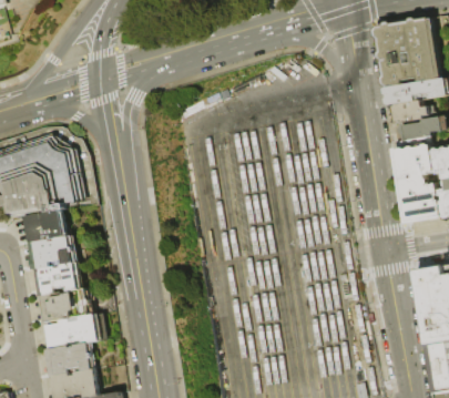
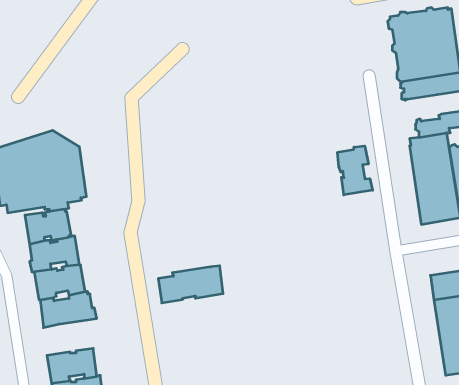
building: [390,99,428,122] -> none
building: none -> [338,146,373,195]
building: [43,312,105,347] -> [158,266,223,303]

